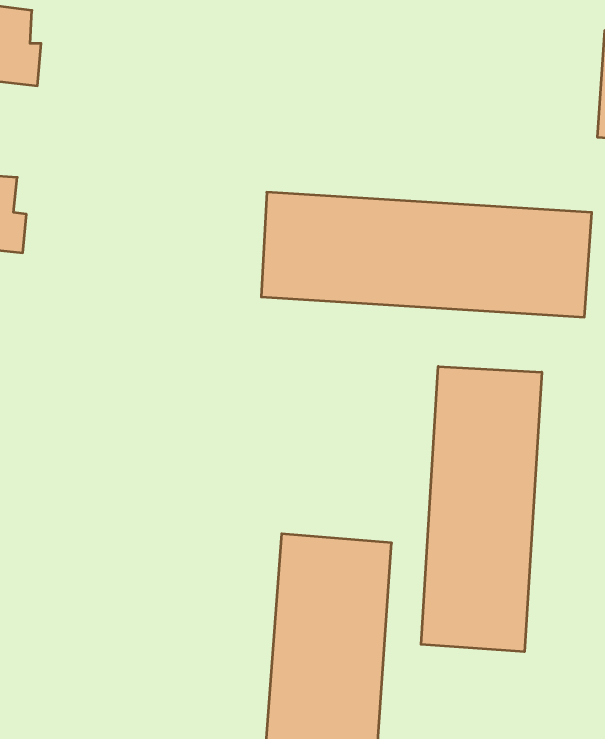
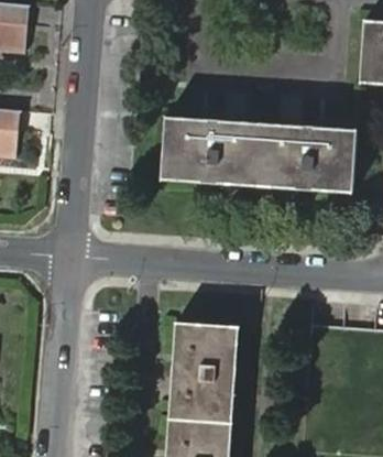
building: [421,366,542,652] -> none

